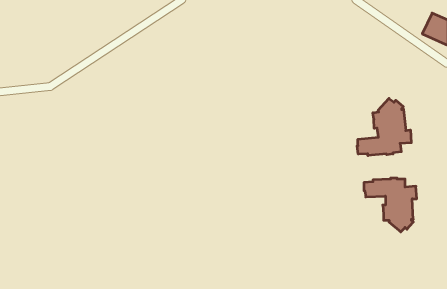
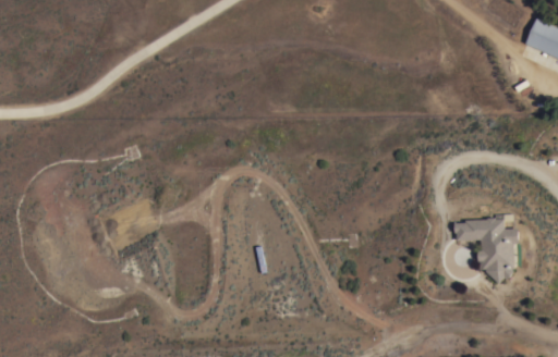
building: [357,98,411,156] -> none

